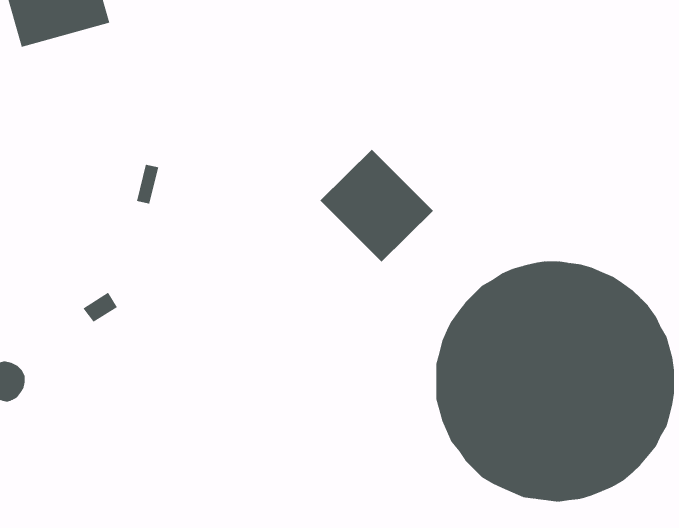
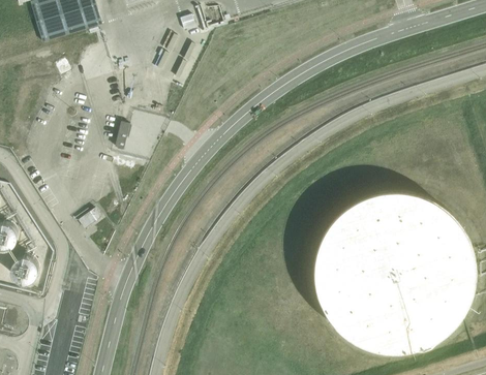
building: [320,149,434,263] -> none

